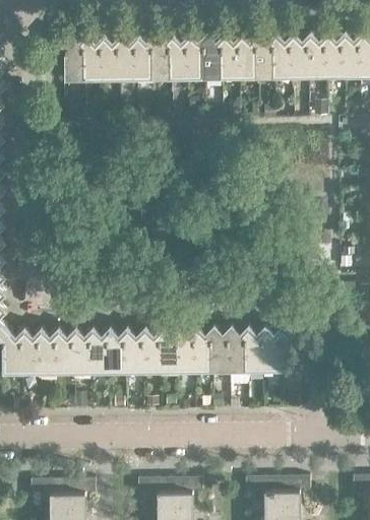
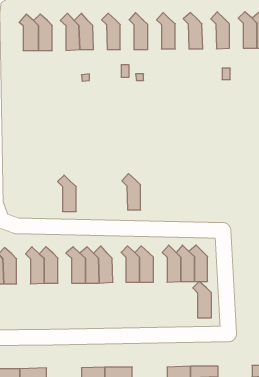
building: [318,34,342,79] -> none
building: [215,35,239,81] -> none
building: [249,35,273,80] -> none
building: [284,35,308,80] -> none
building: [146,36,171,81] -> none
building: [181,36,204,81] -> none
building: [96,37,119,82] -> none
building: [171,328,194,374] -> [122,174,141,210]
building: [223,328,246,374] -> [193,281,211,318]
building: [51,329,74,376] -> none
building: [103,329,126,375] -> [58,175,76,211]

